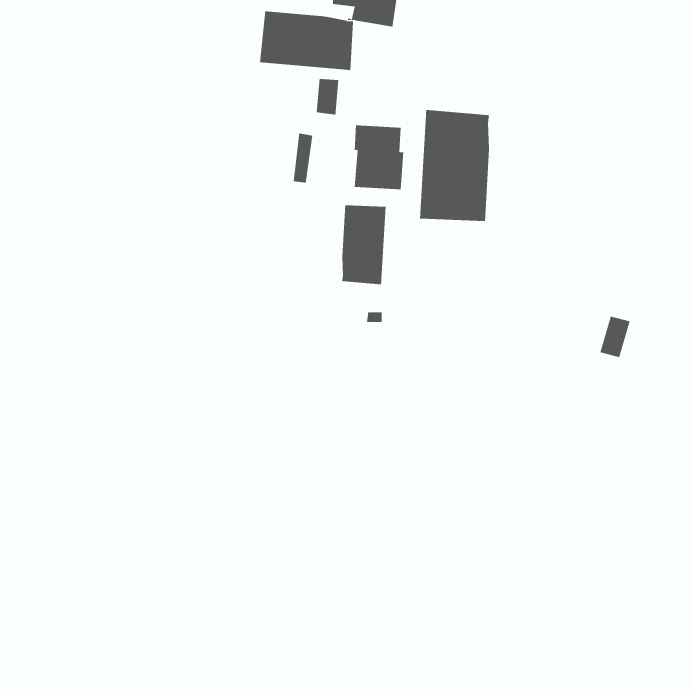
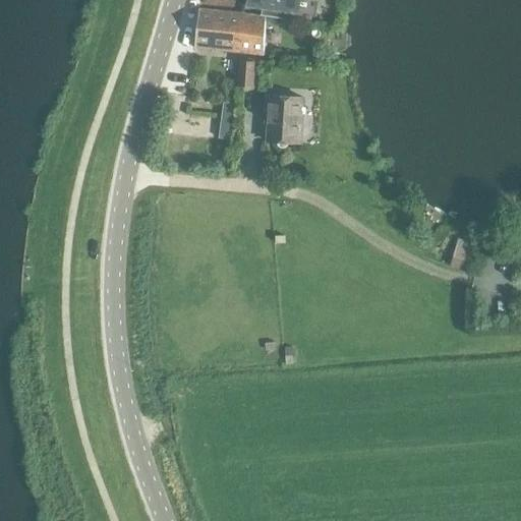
building: [419,109,490,222] -> none
building: [342,204,386,285] -> none

